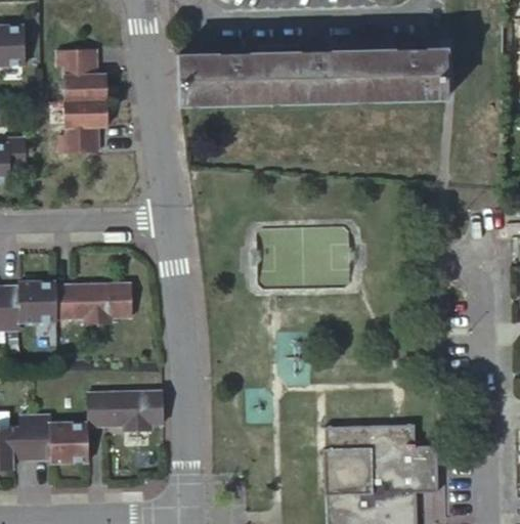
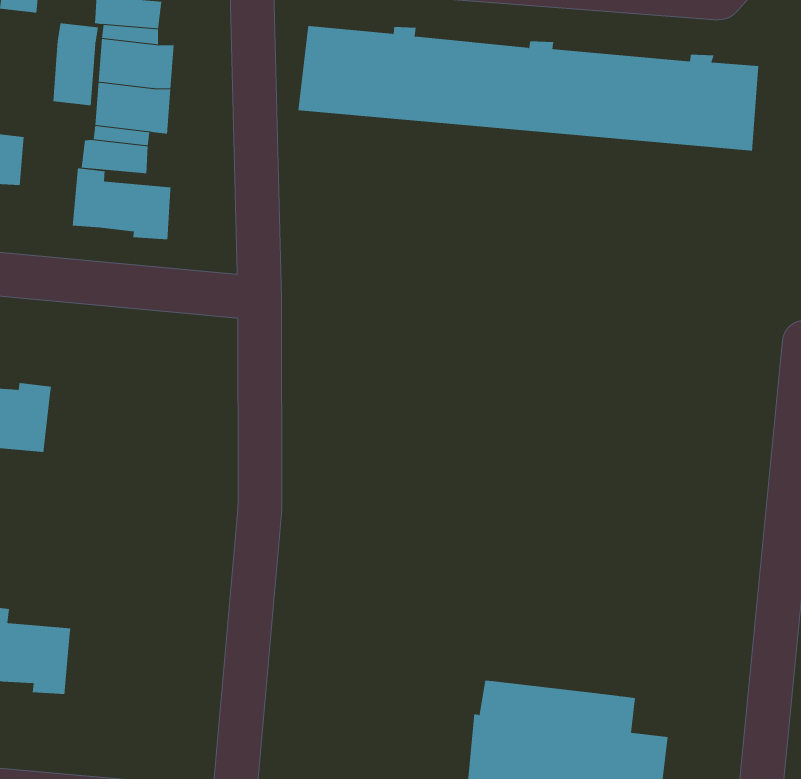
building: none -> [53,22,99,106]
building: none -> [72,168,171,240]
building: [57,286,131,326] -> none
building: [84,387,163,431] -> none

